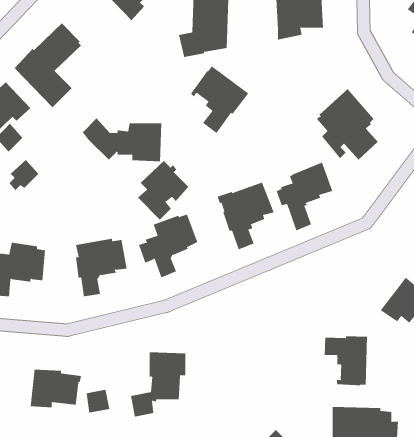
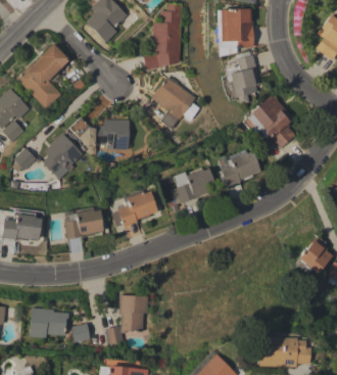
building: none -> [225,51,259,104]
building: [137,160,189,220] -> [42,133,82,179]
building: [324,336,368,386] -> none

